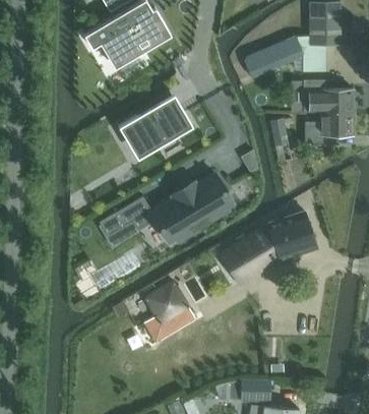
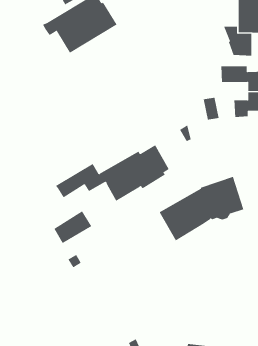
building: [245,37,301,75] -> none
building: [123,95,193,156] -> none
building: [145,282,196,342] -> none
building: [217,379,271,401] -> none

